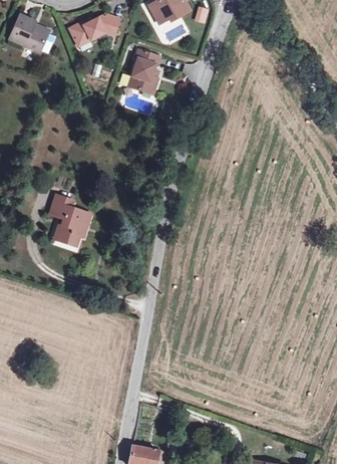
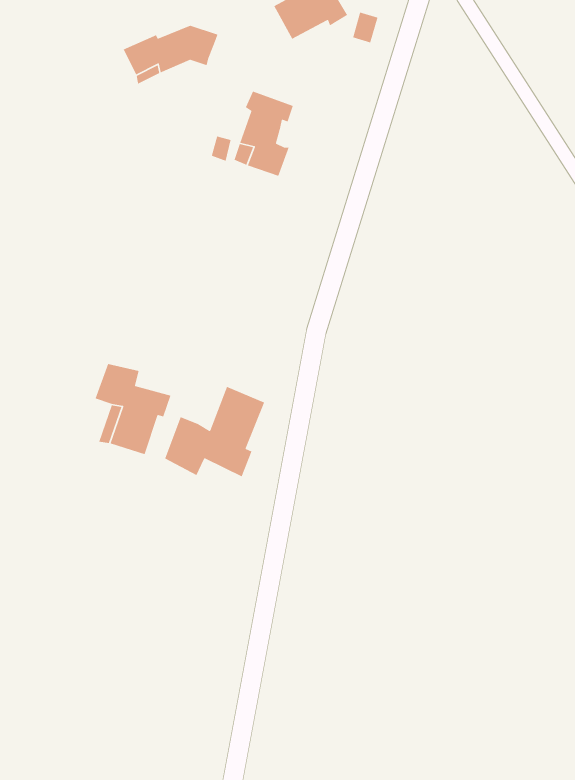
building: [9,16,48,53] -> none
building: none -> [164,386,265,477]

